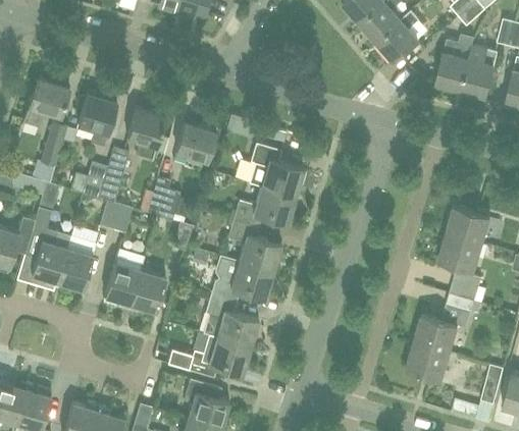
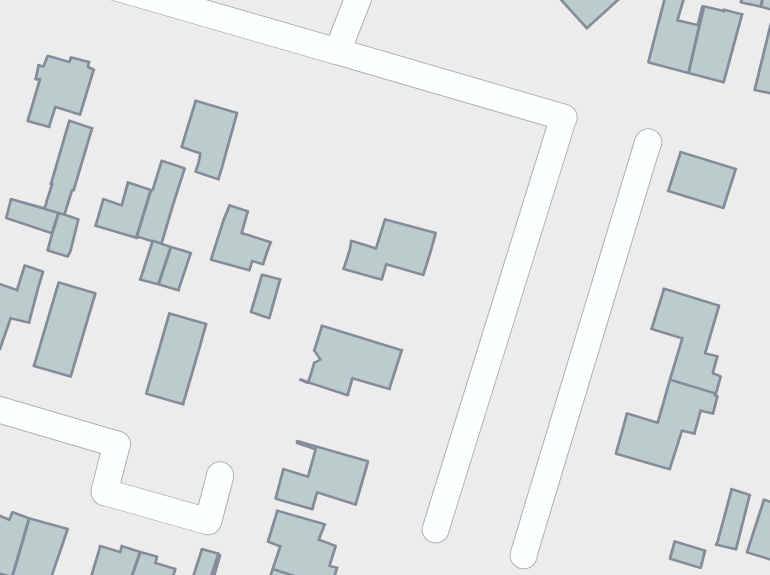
building: [77,93,116,147] -> none
building: [172,122,219,166] -> none
building: [250,144,303,196] -> none
building: [446,207,490,244] -> [668,152,736,208]
building: [219,219,280,273] -> none
building: [53,235,95,290] -> none
building: [127,270,164,313] -> none
building: [196,291,258,346] -> none
building: [405,341,450,379] -> none

